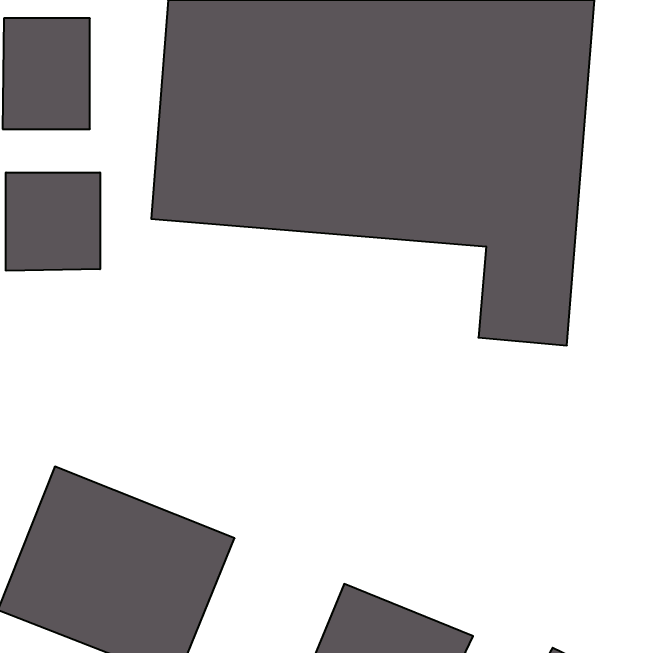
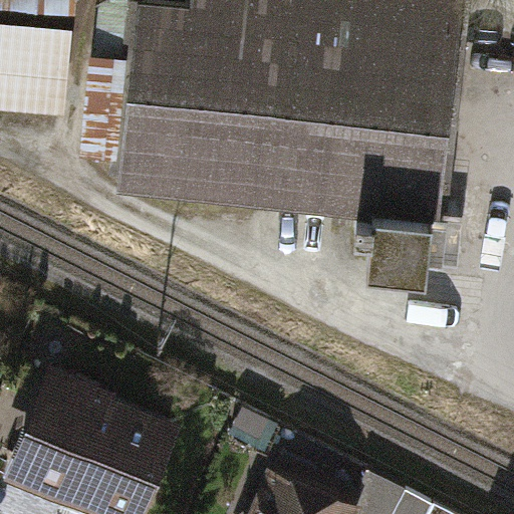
building: [6,172,100,271] -> none

